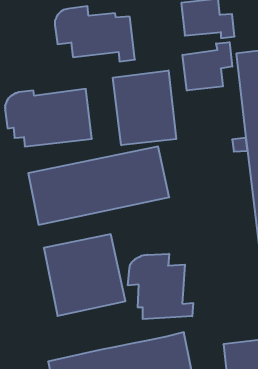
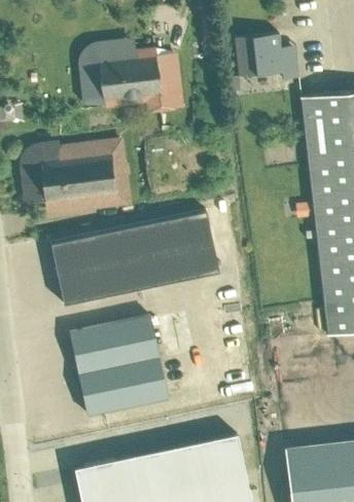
building: [183,42,232,91] -> none
building: [113,70,176,145] -> none
building: [128,254,193,319] -> none

